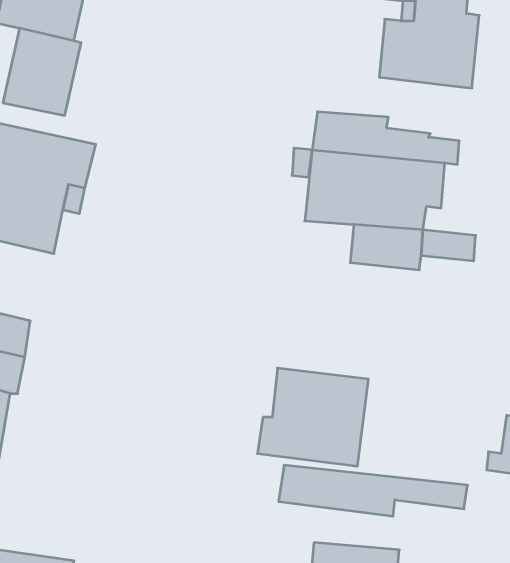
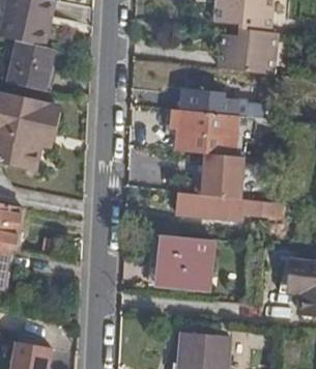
building: [279,465,468,516] -> [173,191,281,220]

